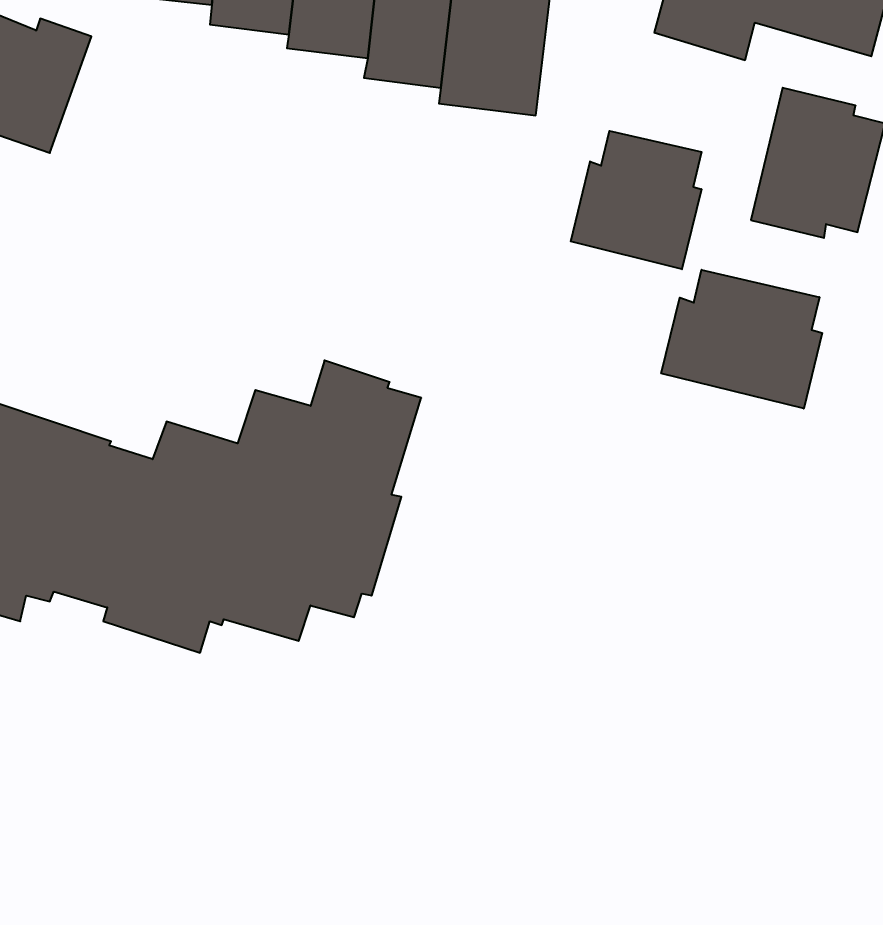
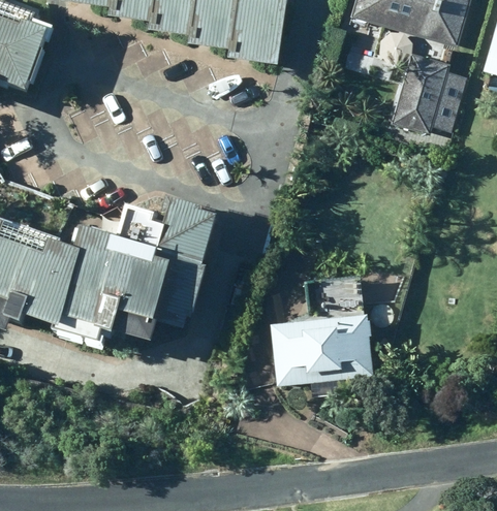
building: [571,131,702,269] -> none
building: [661,270,822,409] -> none
building: none -> [269,306,371,385]

